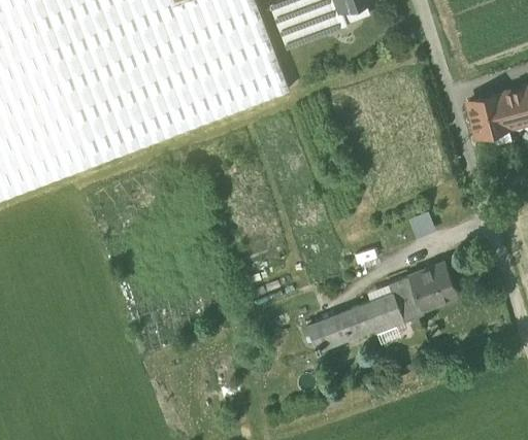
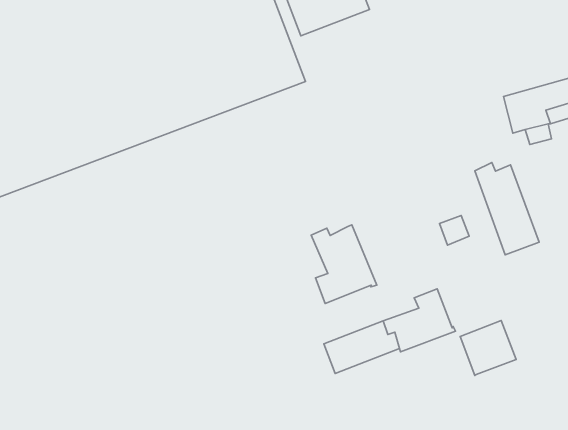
building: none -> [475,163,539,255]
building: none -> [311,225,377,304]
building: [407,263,458,312] -> [460,321,516,376]

